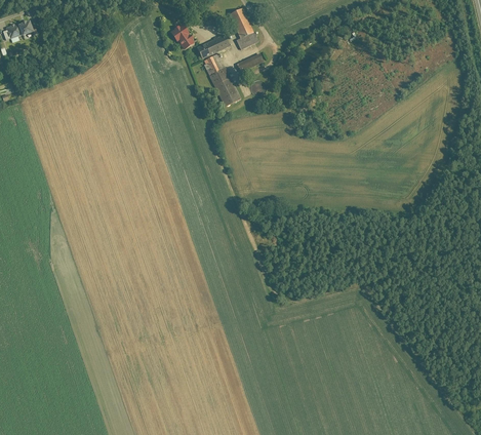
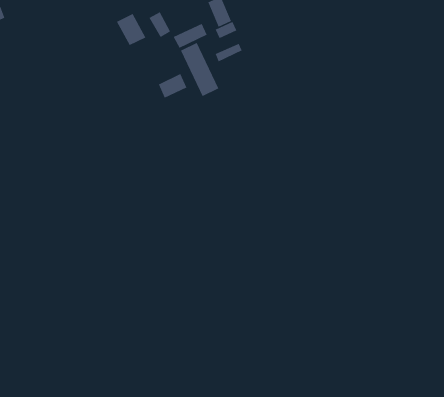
building: none -> [116,13,146,46]
building: none -> [158,73,187,99]

